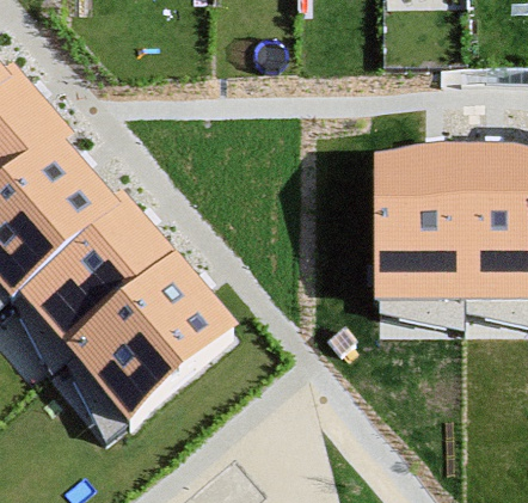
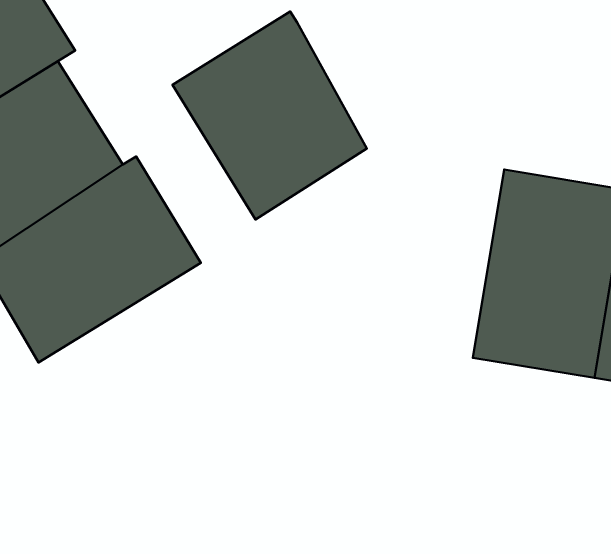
building: none -> [172,11,367,220]
building: [75,258,233,411] -> none

